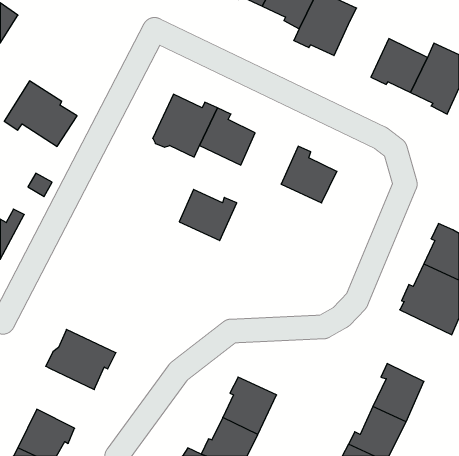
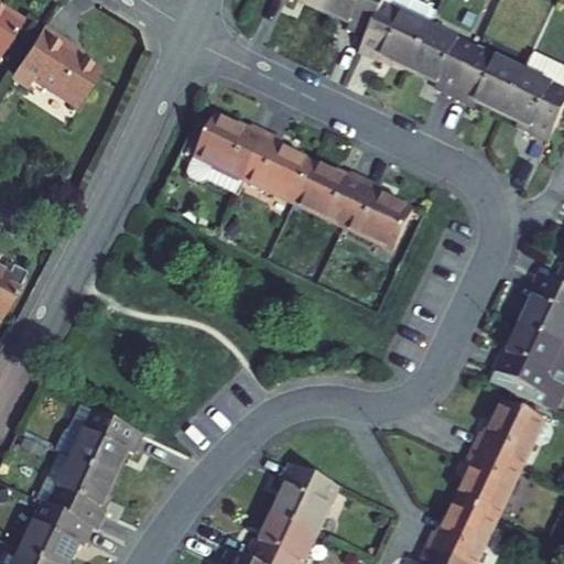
building: none -> [410,25,477,95]
building: [4,81,77,146] -> [11,25,100,106]
building: [179,189,237,241] -> [295,163,366,226]
building: none -> [475,400,544,468]
building: none -> [39,452,116,528]

